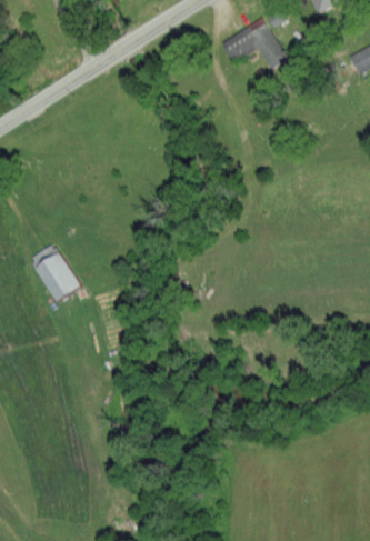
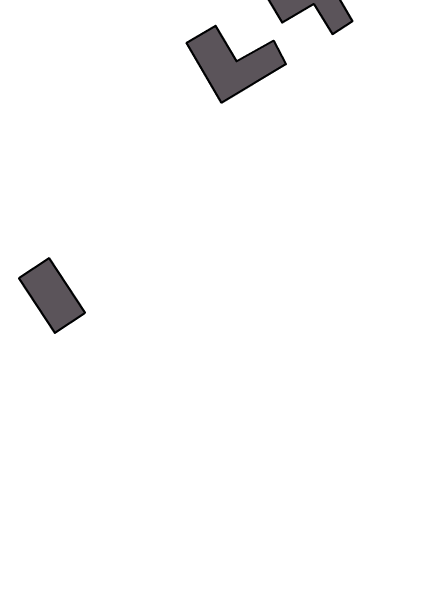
building: none -> [187,26,286,103]

